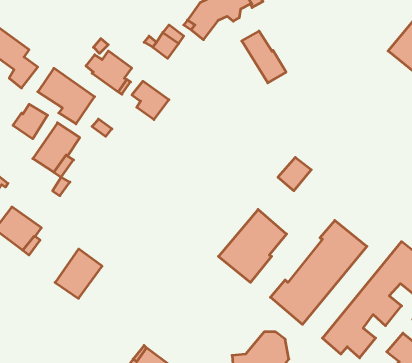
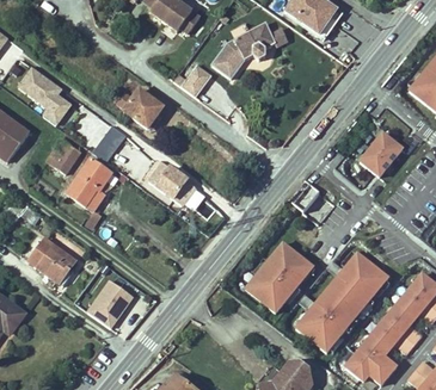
building: [242,31,286,83] -> none
building: [132,81,169,120] -> [152,161,188,198]
building: none -> [360,131,403,177]

